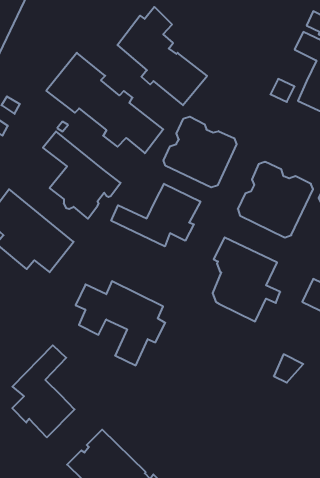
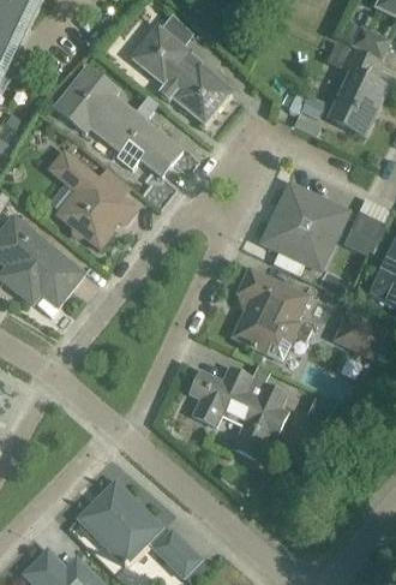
building: [164,117,237,187] -> none
building: [111,184,200,246] -> none
building: [76,281,165,365] -> [190,366,288,459]
building: [12,345,75,437] -> none

